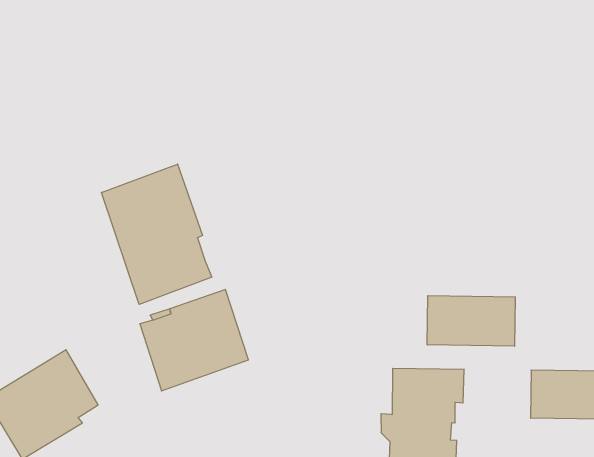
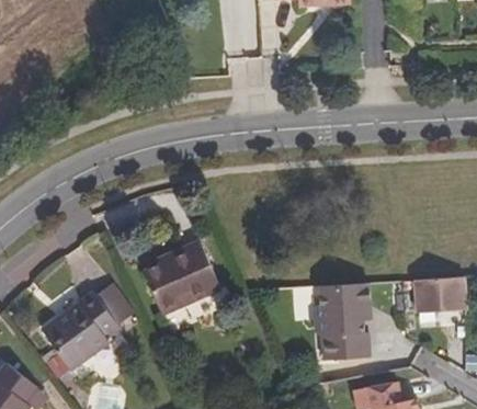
building: [101,164,212,304] -> none
building: [427,296,515,346] -> none

